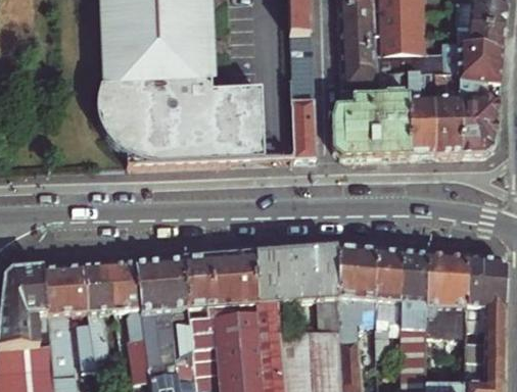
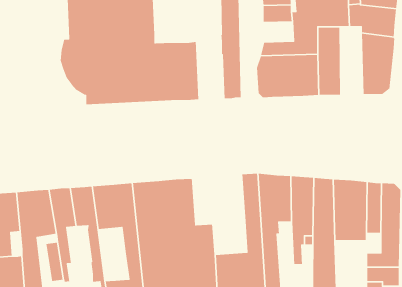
building: [340,62,377,87] -> none
building: [433,68,461,151] -> none
building: [255,245,319,306] -> none
building: [142,309,175,374] -> none

